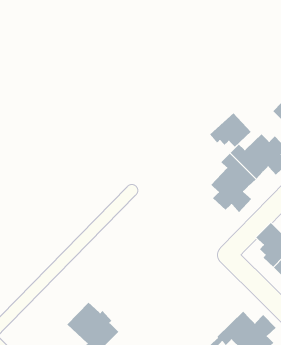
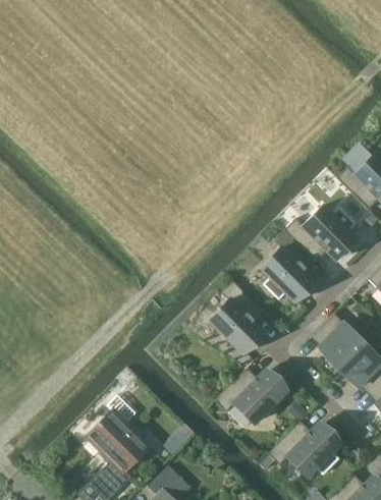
building: [209,113,252,148] -> none
building: none -> [211,281,262,354]
building: none -> [217,368,289,424]

